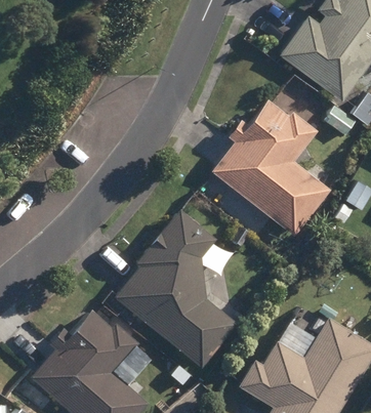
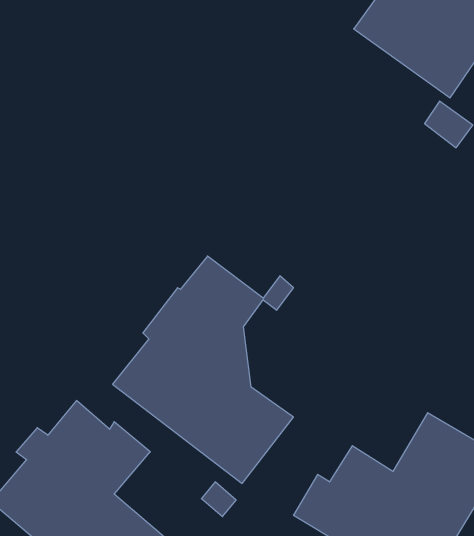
building: [211,97,332,238] -> none

